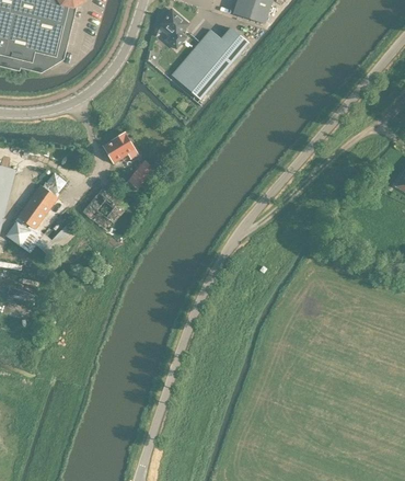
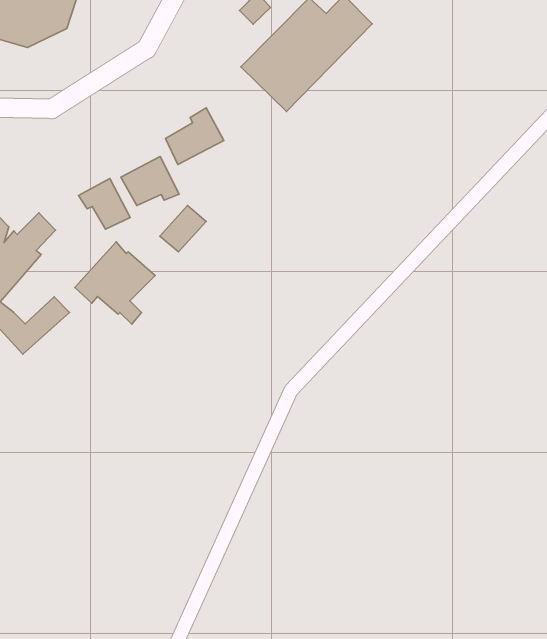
building: none -> [166,108,224,164]
building: none -> [79,178,130,229]

